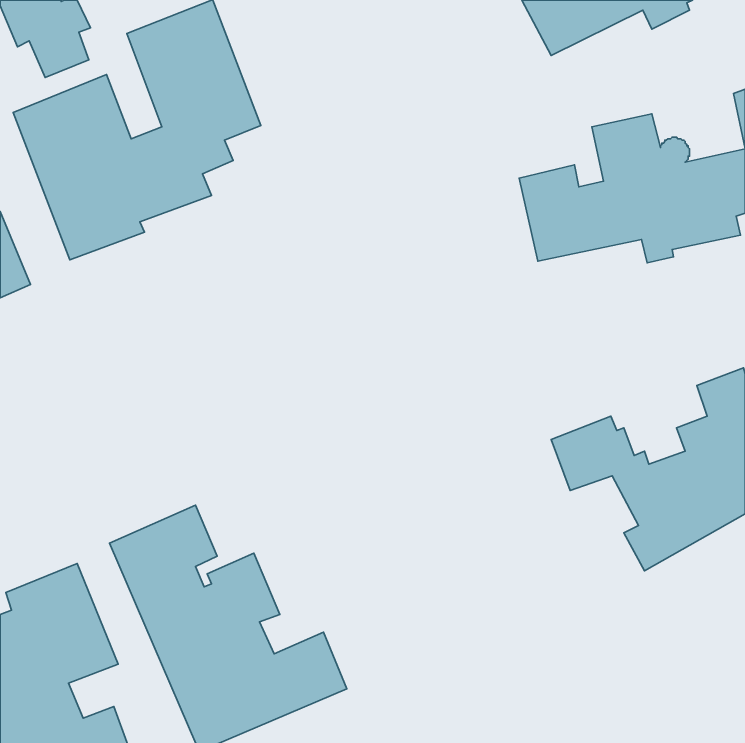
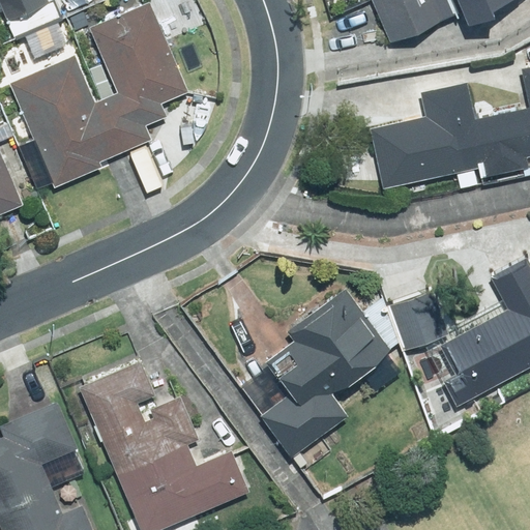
building: none -> [260,286,402,451]

